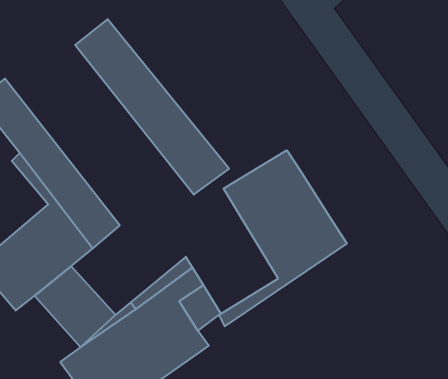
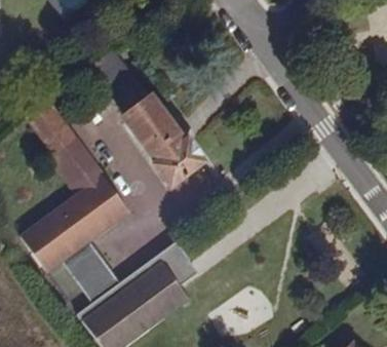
building: [219,150,347,326] -> none

